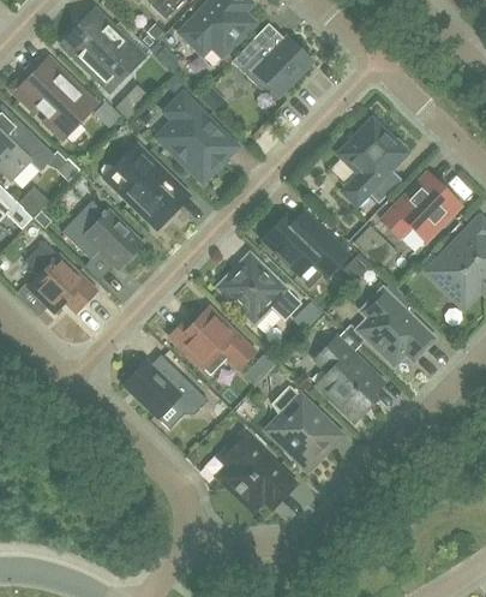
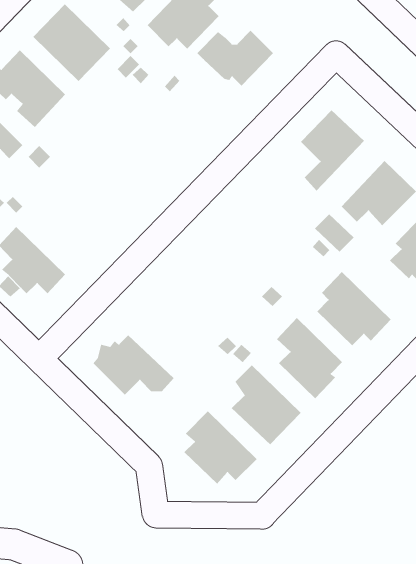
building: [158,94,236,180] -> none
building: [104,144,190,228] -> none
building: [62,199,143,268] -> none
building: [263,211,348,288] -> none
building: [217,259,301,323] -> none
building: [170,306,256,374] -> none

